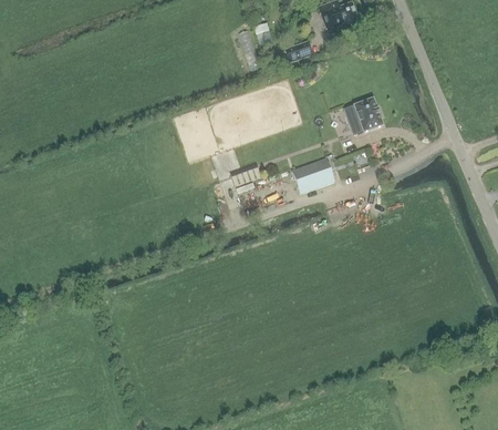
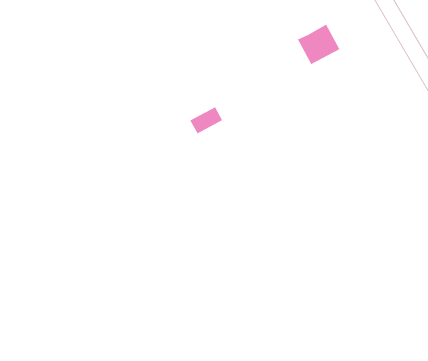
building: [292,158,334,194] -> none

